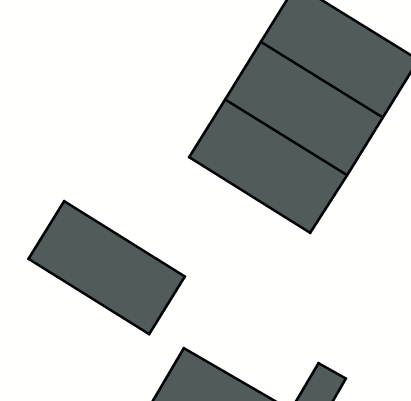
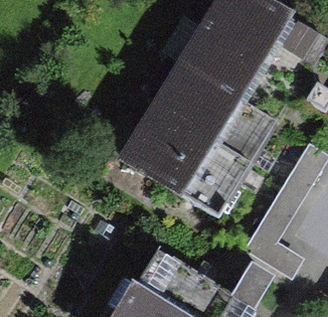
building: [28,201,185,334] -> [126,121,240,218]

